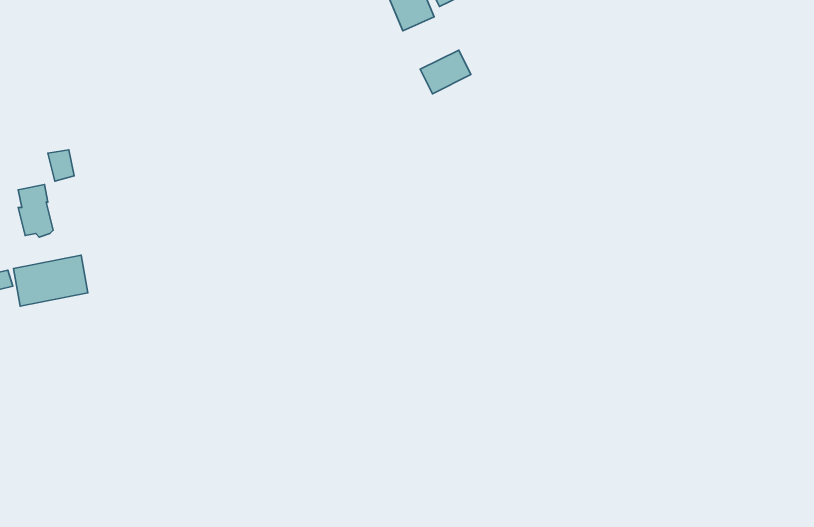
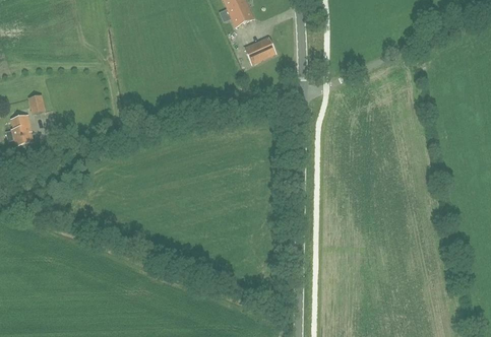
building: [14,255,88,306] -> none

